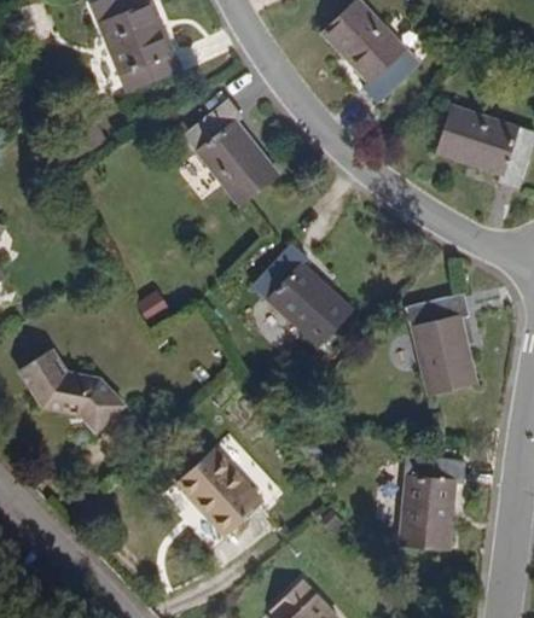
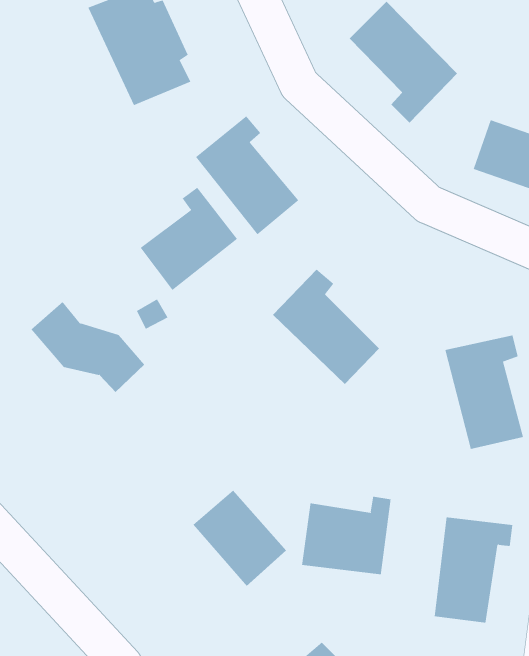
building: none -> [140,187,238,291]
building: [22,337,124,419] -> [31,301,145,393]
building: none -> [301,496,391,575]

